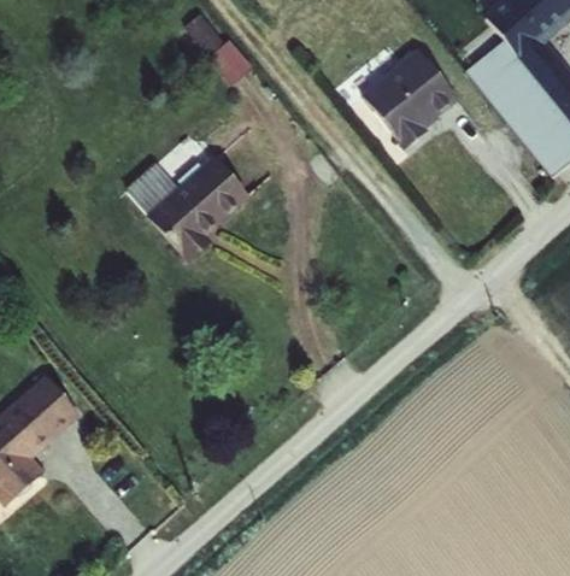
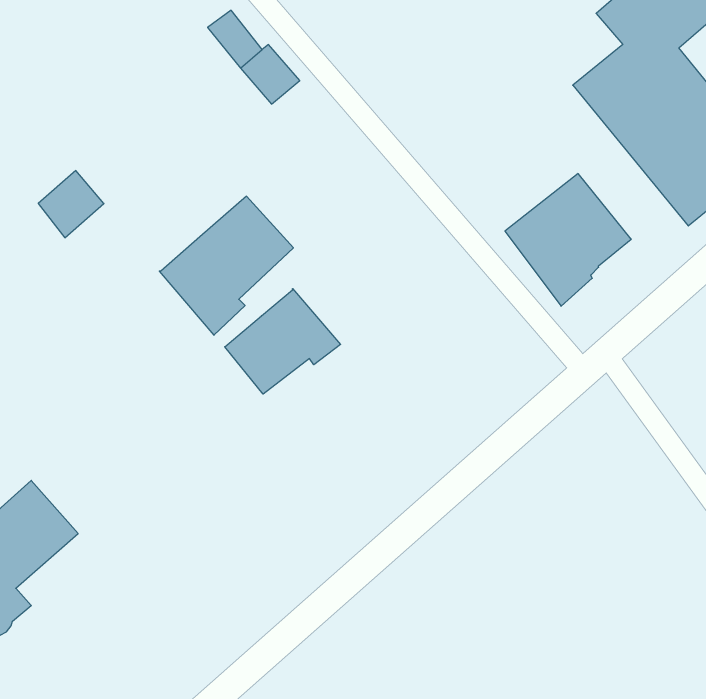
building: [360,47,458,149] -> [505,174,631,306]
building: [125,160,176,212] -> [38,171,104,238]
building: none -> [225,289,341,394]

